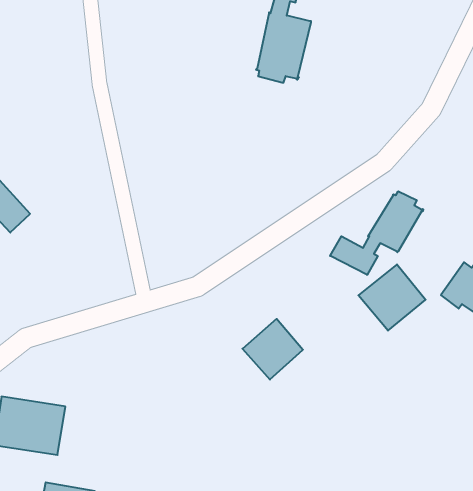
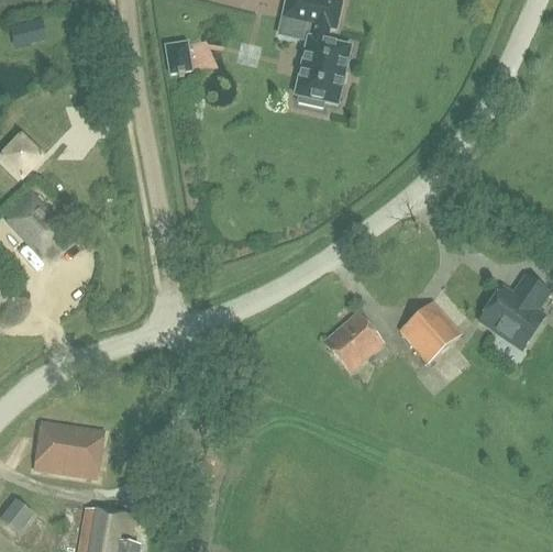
building: none -> [165,42,191,76]
building: [330,191,423,275] -> none
building: [242,319,303,380] -> [322,311,383,372]

